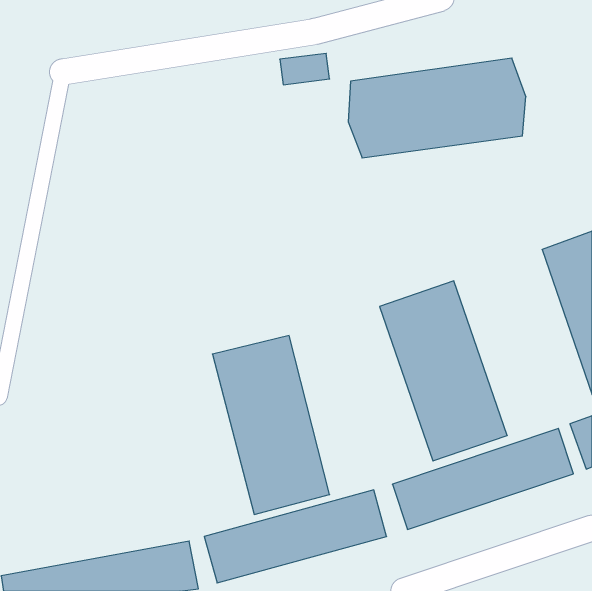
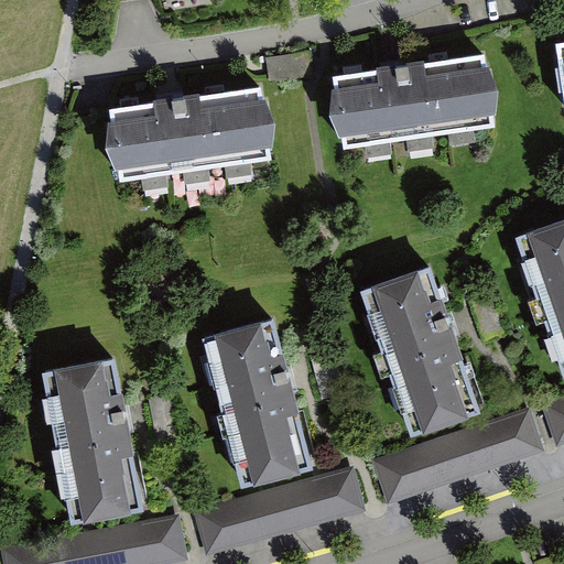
building: none -> [106,87,275,182]
building: none -> [42,359,145,527]

